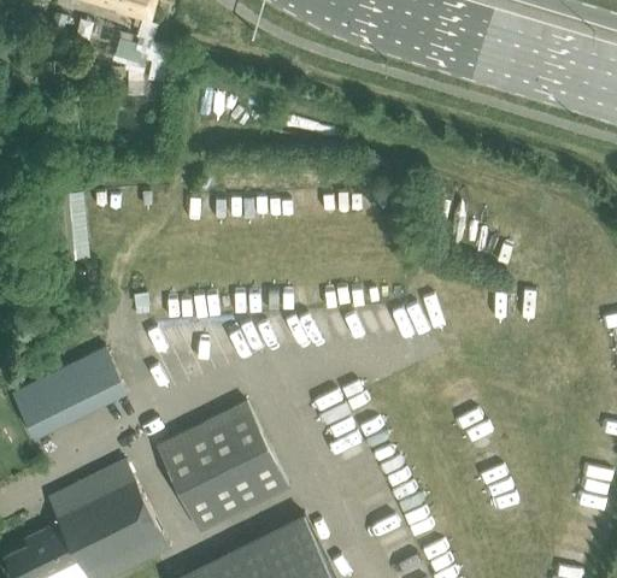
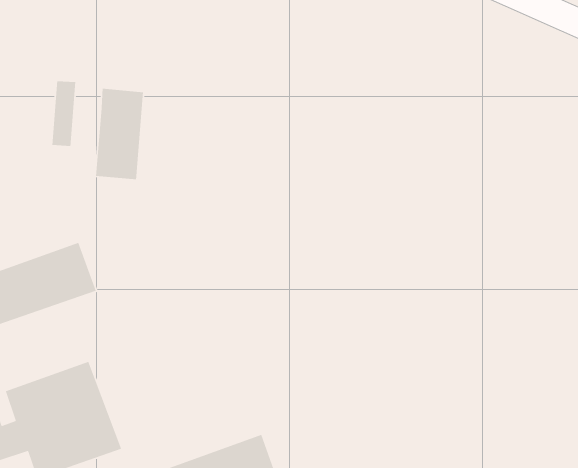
building: none -> [95,88,144,180]
building: [155,401,286,527] -> none

